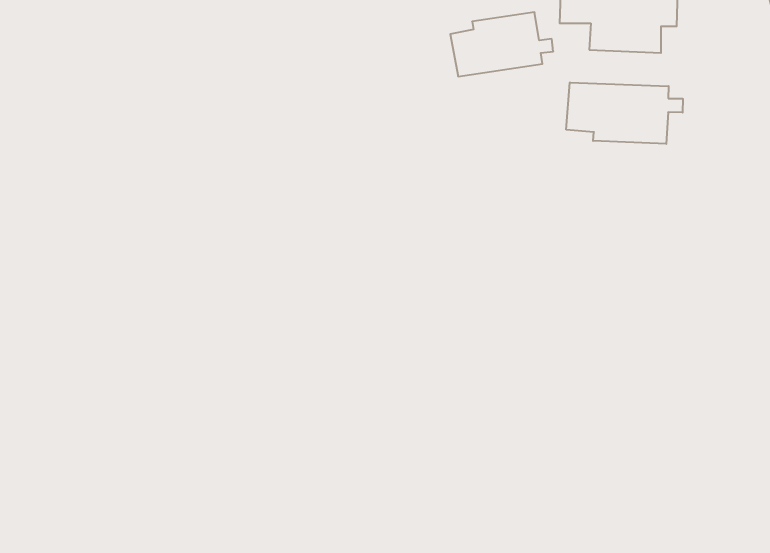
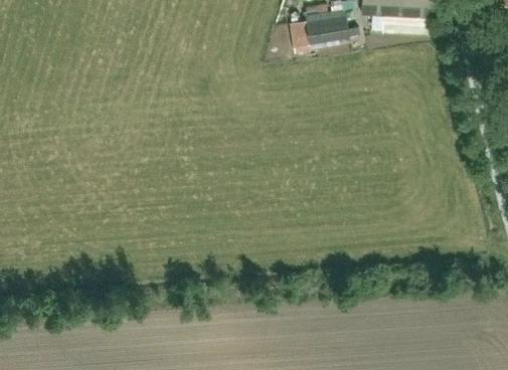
building: [566,82,683,144] -> none

